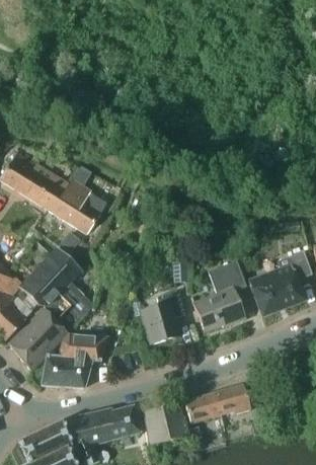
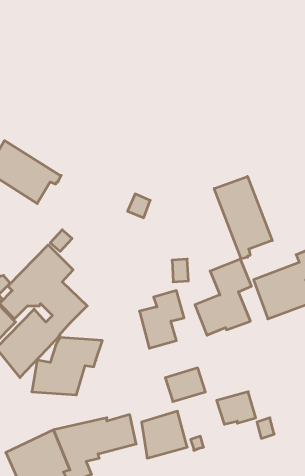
building: [47,178,105,233] -> none
building: none -> [214,176,272,259]
building: [183,392,221,423] -> [165,368,205,402]

